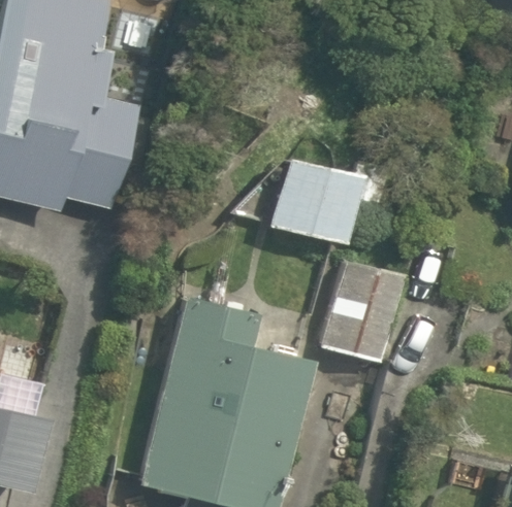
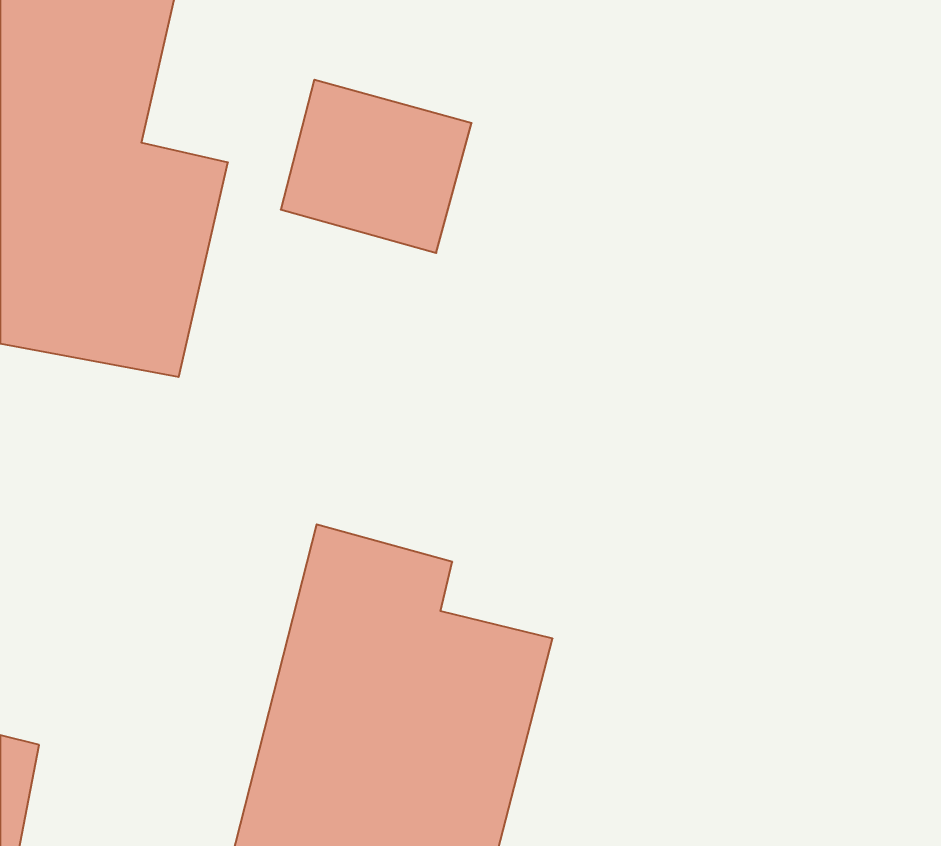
building: [249,153,349,243] -> [281,80,472,253]
building: [315,242,402,362] -> none

